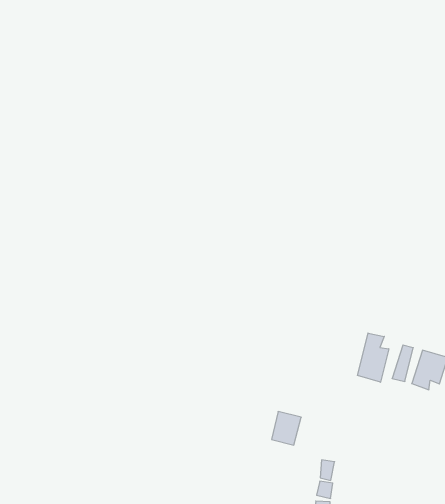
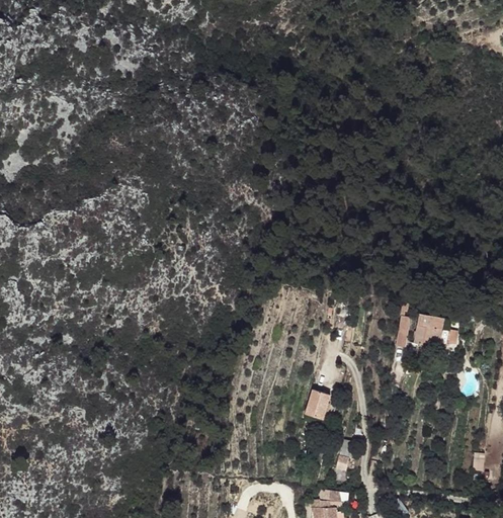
building: [358,333,389,382] -> none

